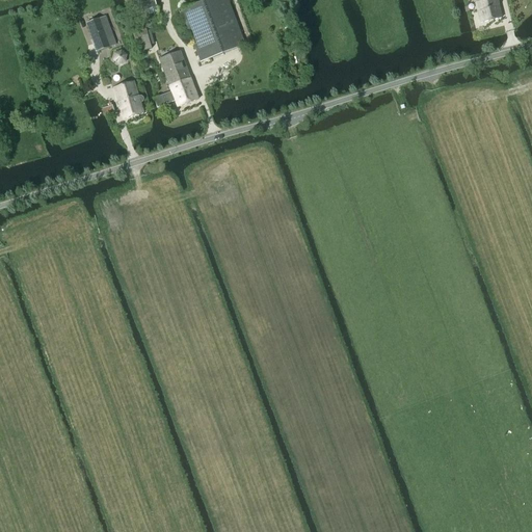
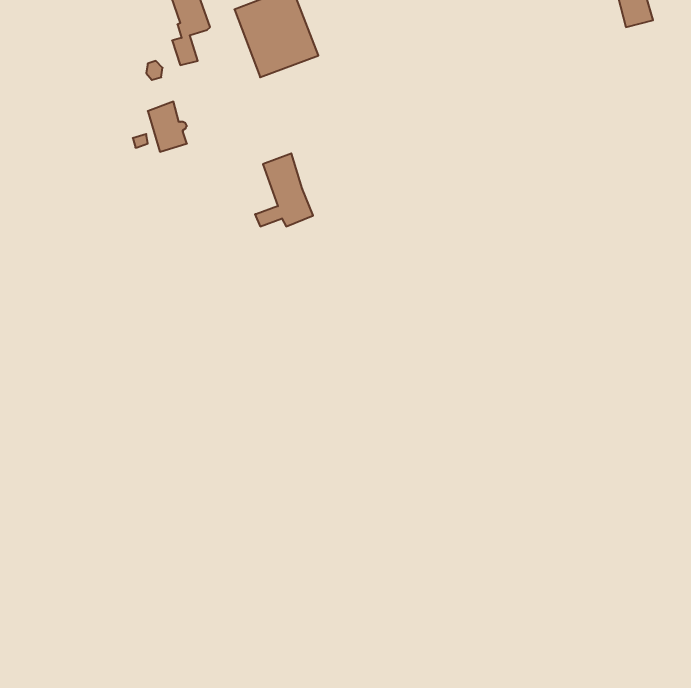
building: [86,14,117,50] -> none
building: [154,49,198,105] -> [255,153,313,226]

